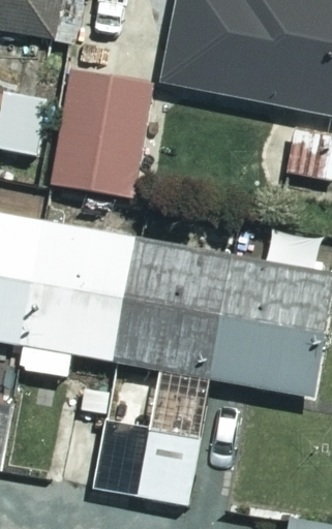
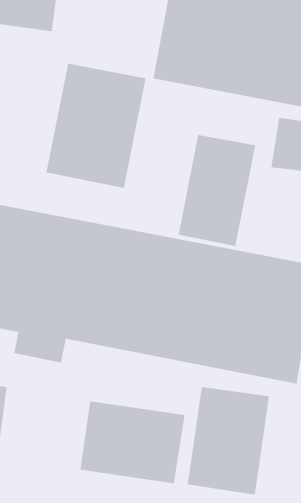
building: none -> [178,134,256,247]
building: none -> [187,386,270,495]

